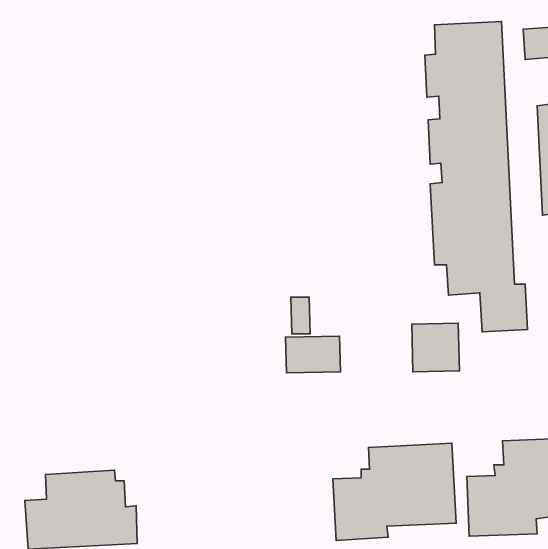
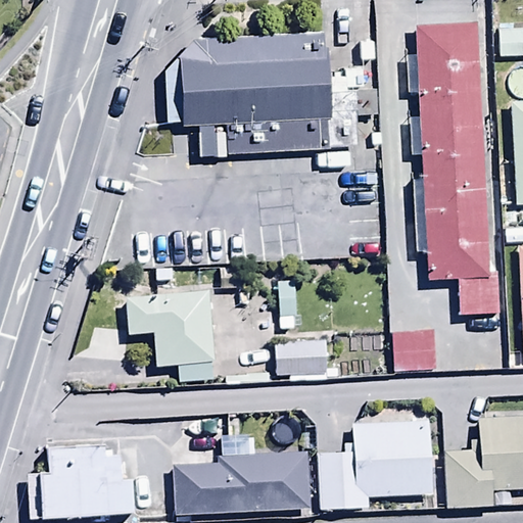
building: none -> [179,44,330,151]
building: none -> [139,288,217,369]
building: none -> [175,451,311,514]

